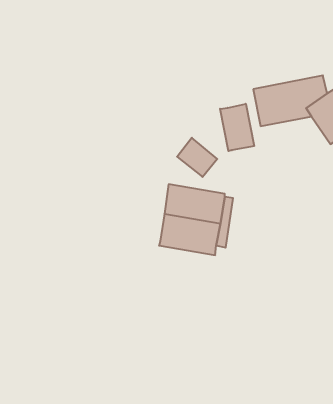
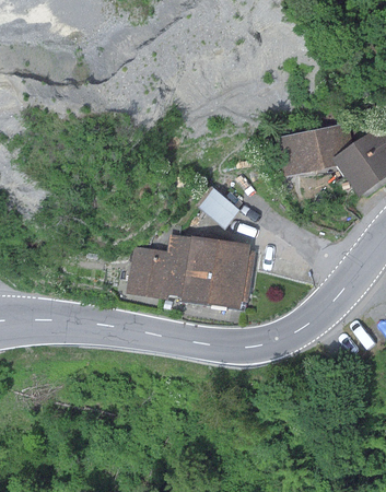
building: [220,104,254,151] -> none
building: none -> [127,232,190,298]

